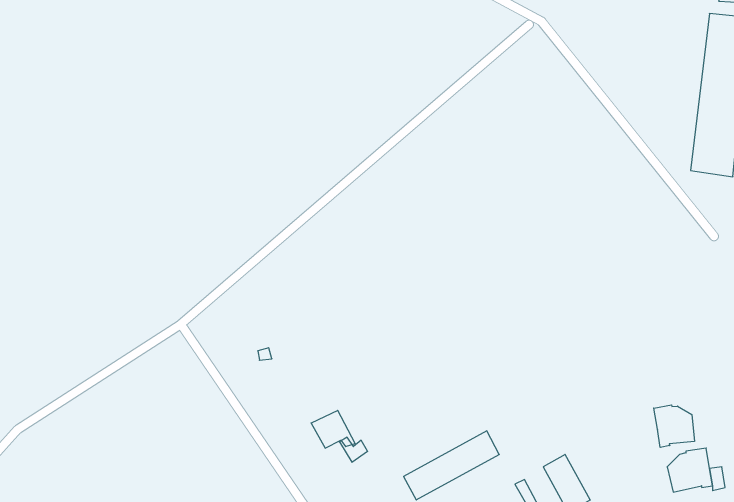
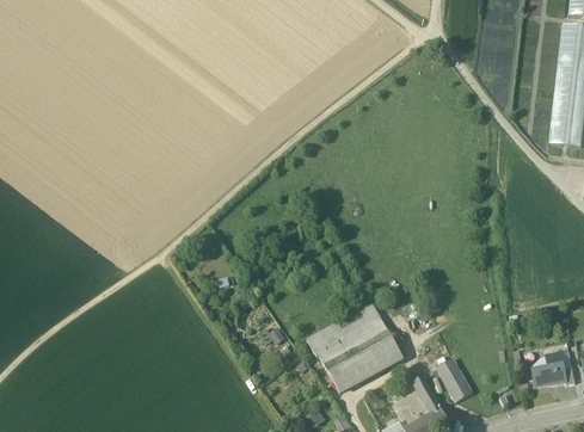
building: none -> [307,303,393,375]
building: [654,405,694,447] -> none

